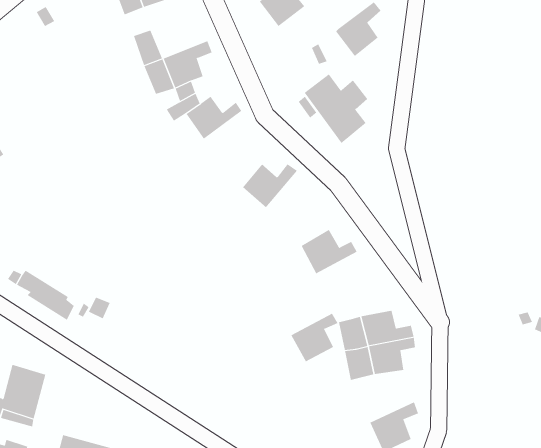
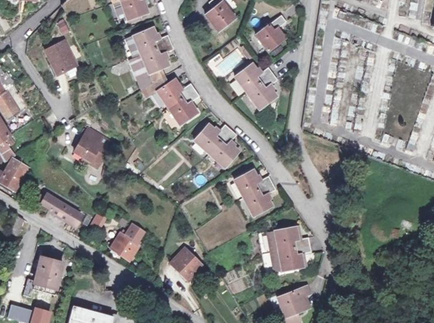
building: none -> [133,27,171,54]
building: none -> [43,40,75,75]
building: none -> [168,89,199,125]
building: none -> [75,128,112,166]
building: none -> [210,129,239,167]
building: [290,313,338,362] -> [243,183,275,216]
building: none -> [113,224,145,260]
building: none -> [172,247,203,282]

